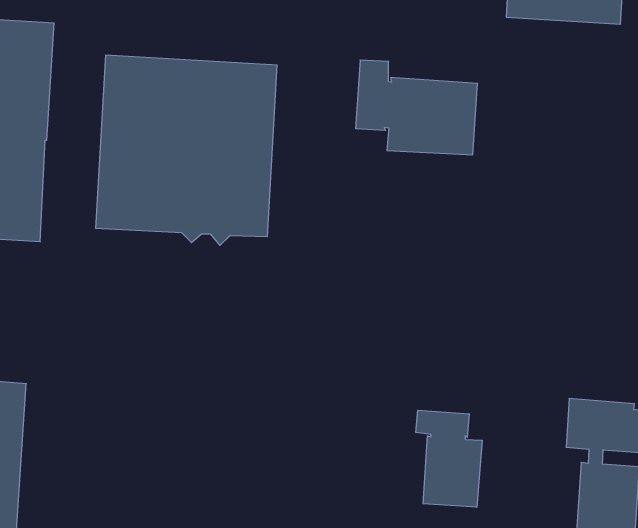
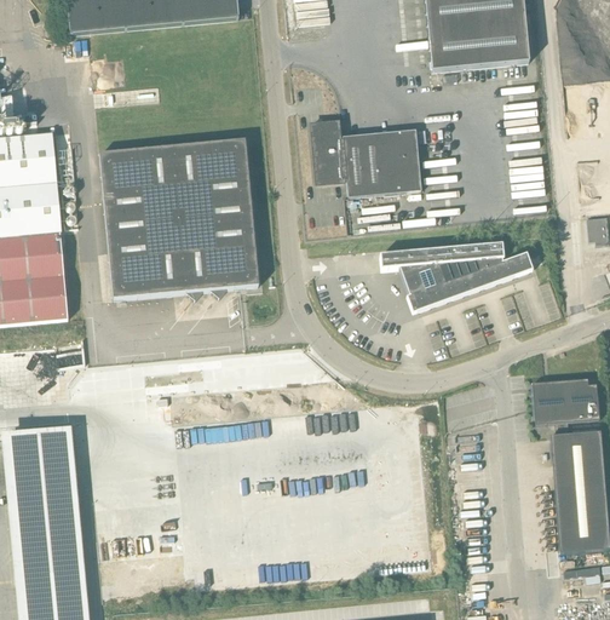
building: none -> [379,242,529,310]
building: [416,410,482,507] -> none

